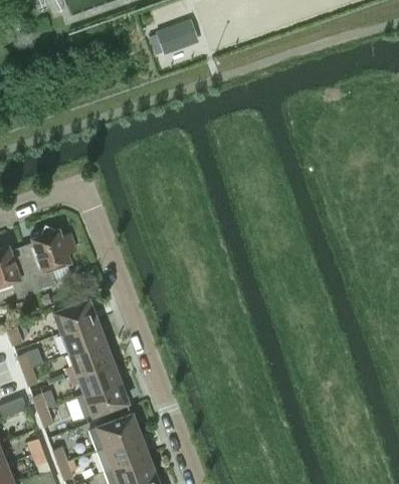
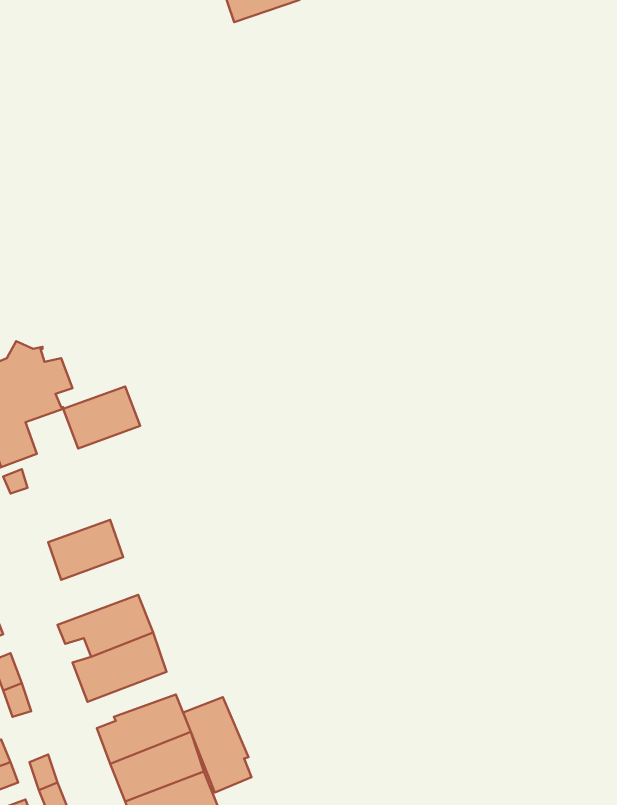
building: [55,299,96,332] -> [63,386,140,448]
building: [66,340,112,377] -> none
building: none -> [183,697,252,793]

